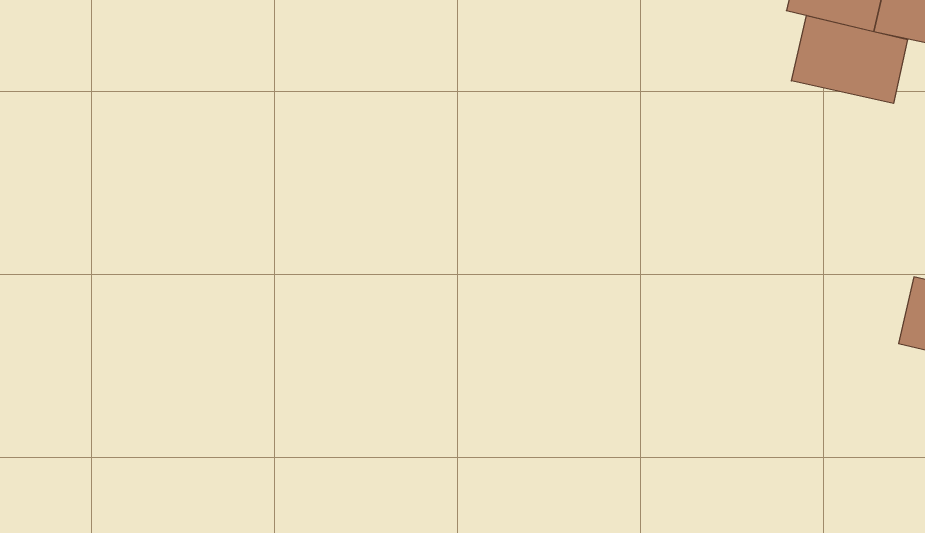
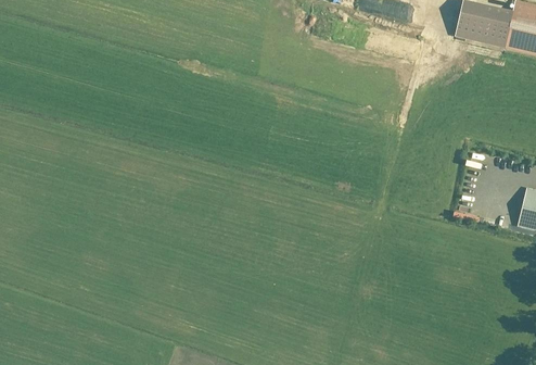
building: [791,15,907,103] -> none

